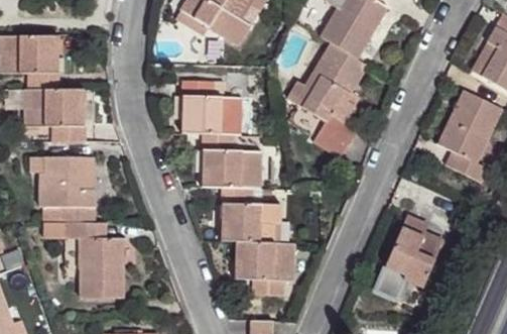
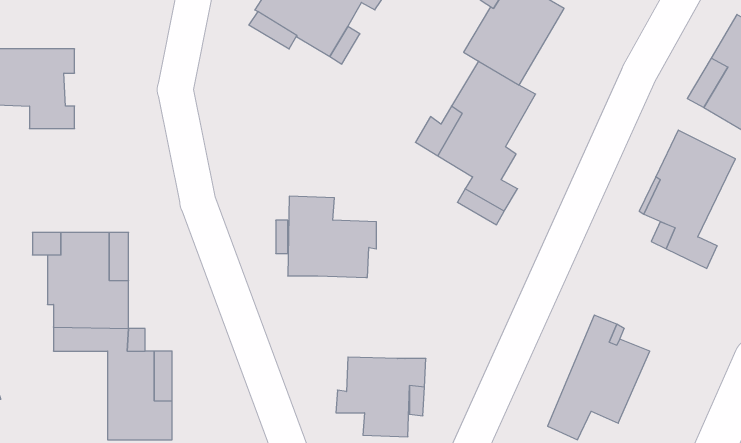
building: [181,81,241,135] -> none
building: [24,89,84,141] -> none
building: [221,188,281,243] -> none

